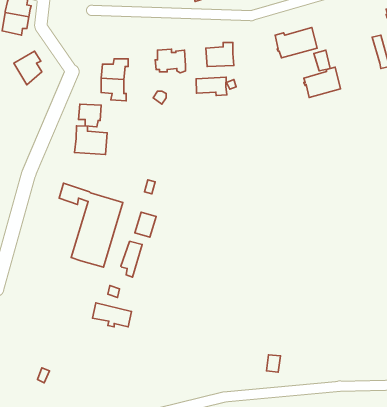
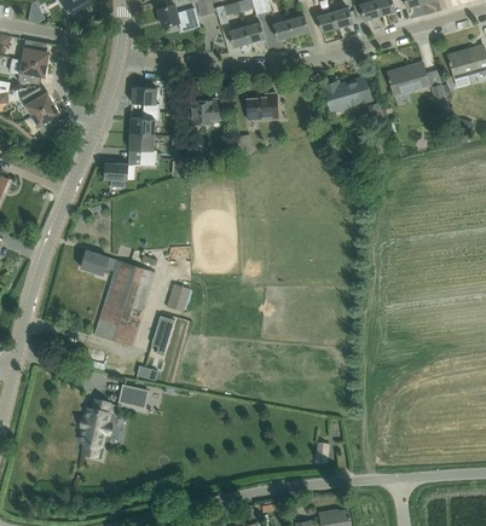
building: none -> [131,86,158,111]
building: none -> [21,87,53,116]
building: [304,67,341,98] -> [387,62,428,96]
building: [196,77,227,96] -> none
building: [75,126,107,154] -> none
building: none -> [80,399,110,455]

